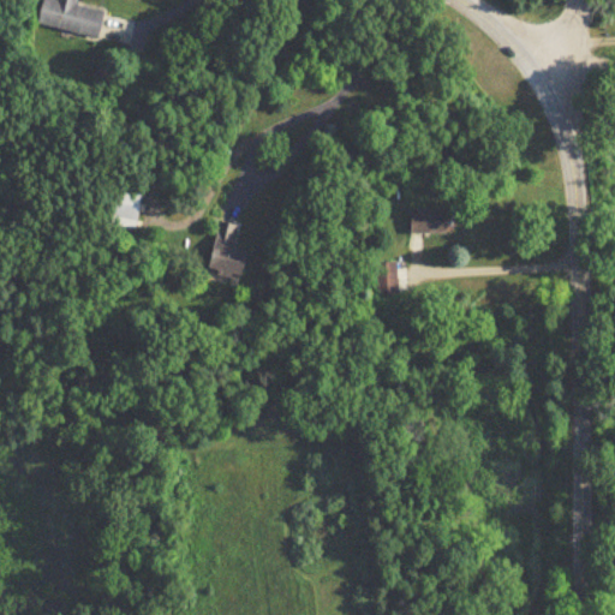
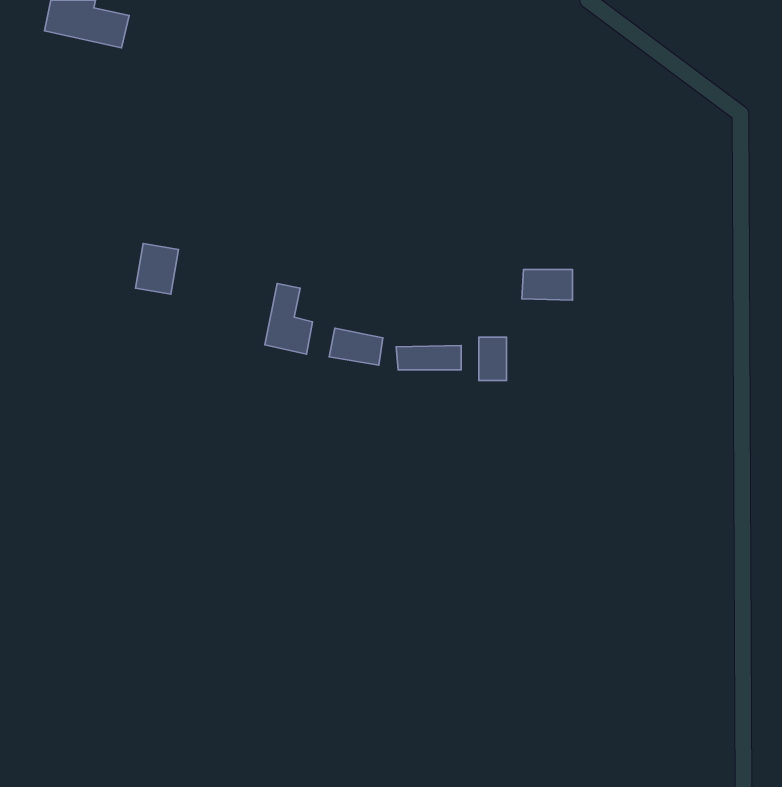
building: none -> [329,328,383,365]
building: none -> [396,346,461,370]

